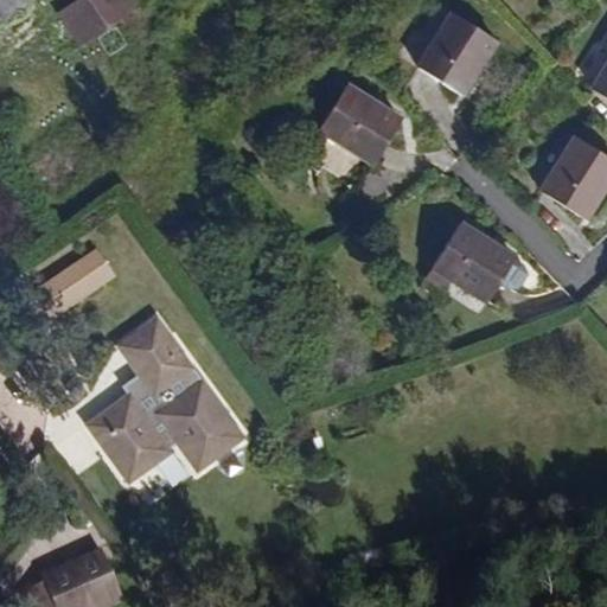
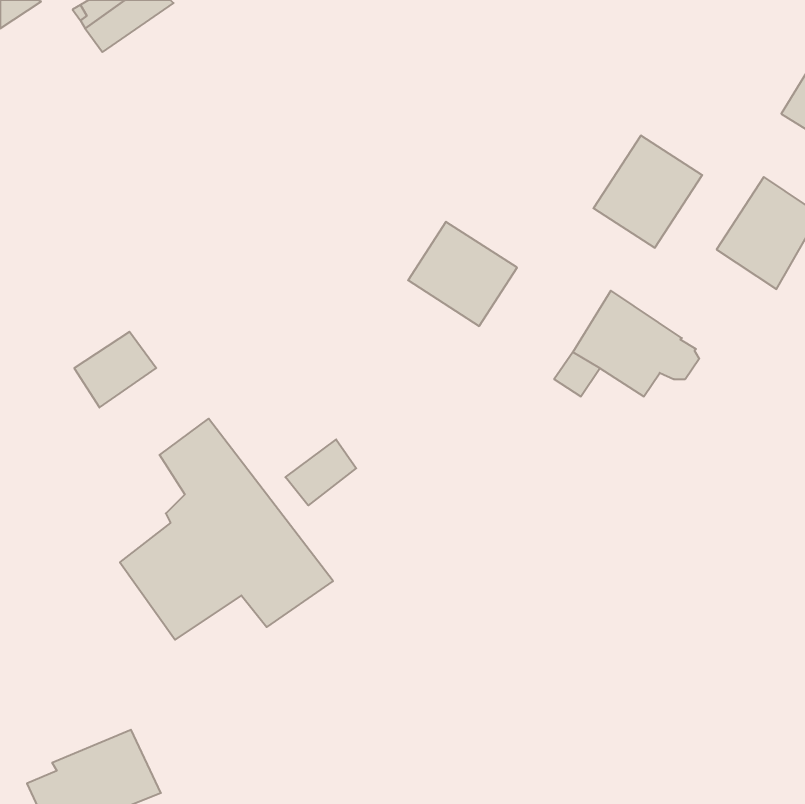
building: [415,11,497,95] -> [593,136,702,248]
building: [318,83,400,161] -> [408,222,517,326]
building: none -> [285,439,356,505]

